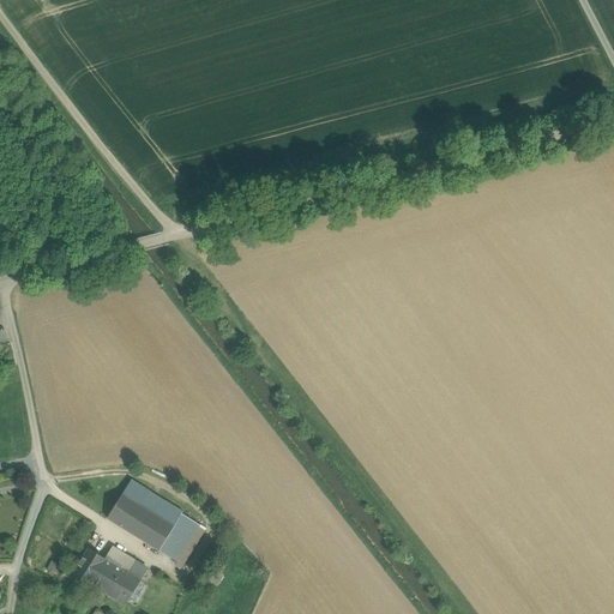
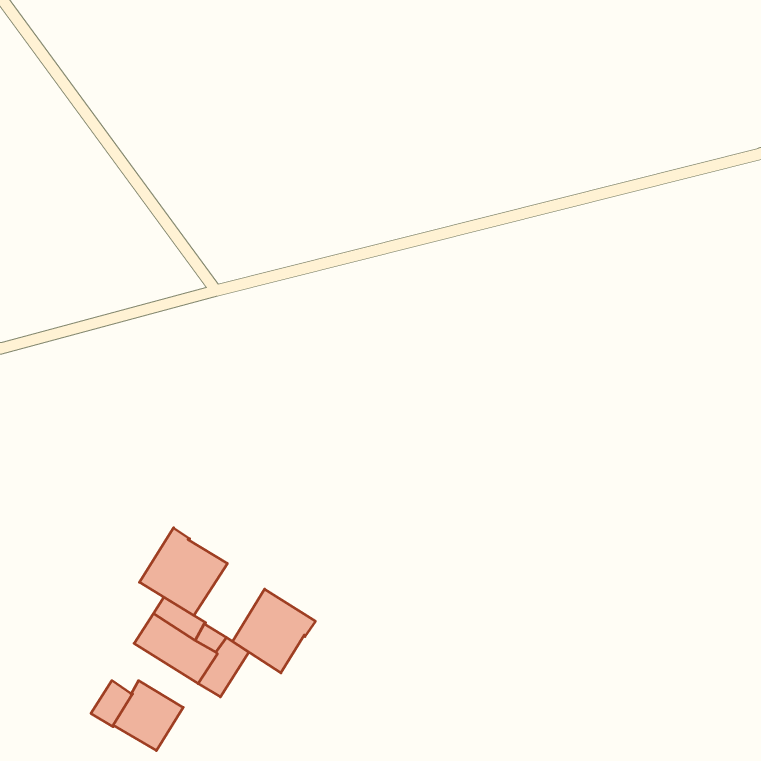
building: none -> [139,528,227,615]
building: none -> [232,589,315,673]

